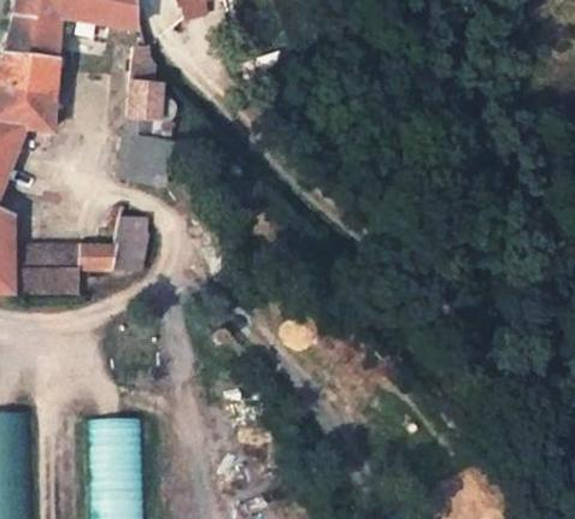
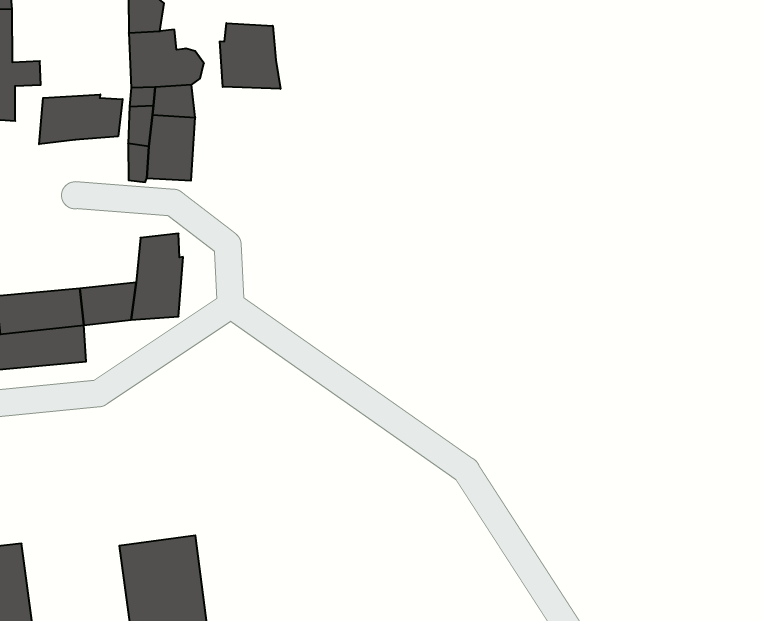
building: none -> [220,23,280,89]
building: none -> [39,94,123,144]

